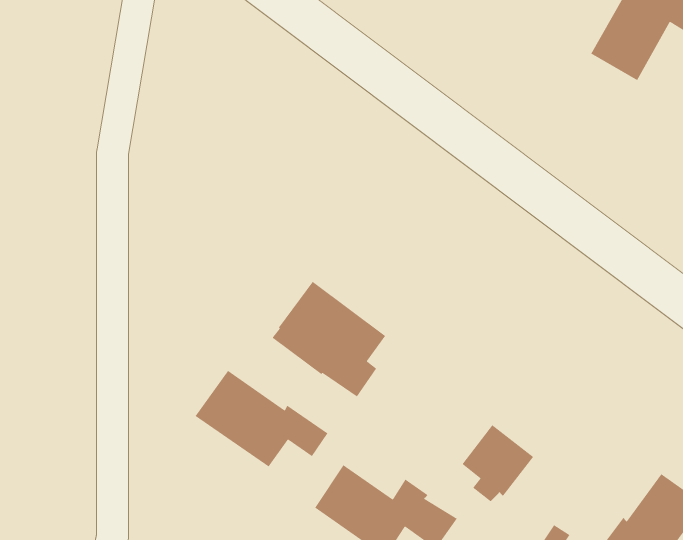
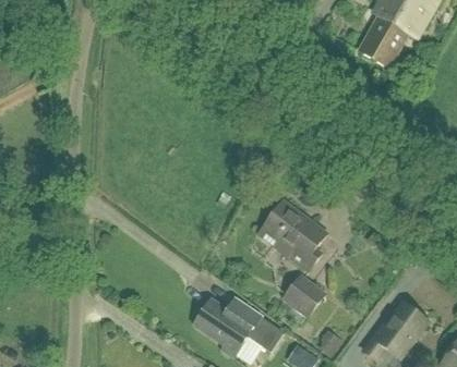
building: [272,280,386,398] -> [257,199,326,270]
building: [194,370,328,468] -> none

